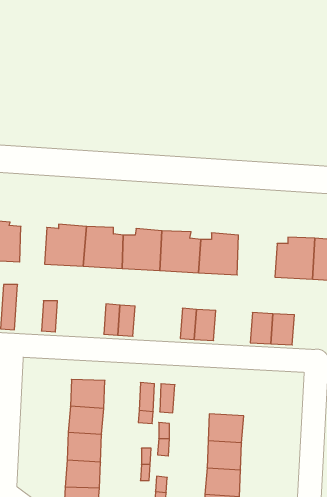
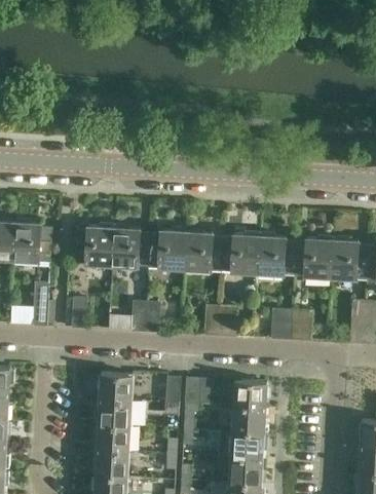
building: none -> [259,236,297,276]
building: none -> [232,382,266,409]

